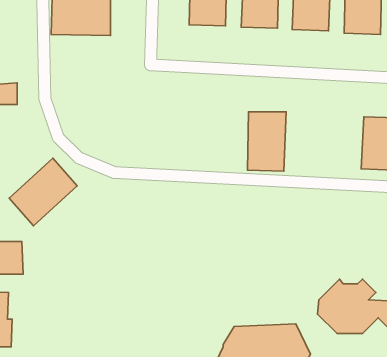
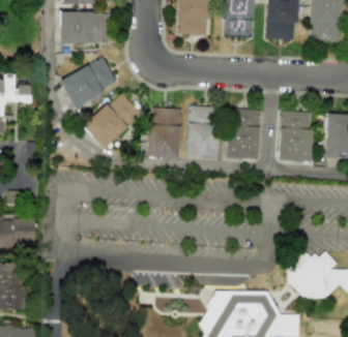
building: none -> [59,56,118,108]
building: none -> [186,106,219,158]
building: none -> [148,108,181,157]
building: none -> [279,111,312,161]
building: [9,158,77,226] -> [83,91,141,149]

